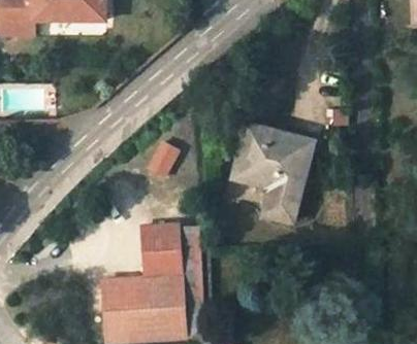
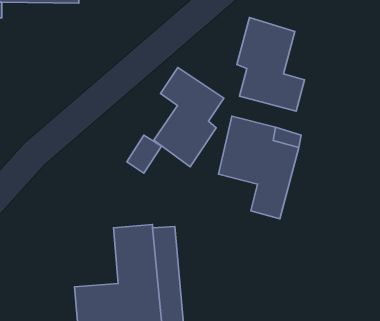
building: none -> [237,17,305,111]
building: none -> [154,67,224,167]

